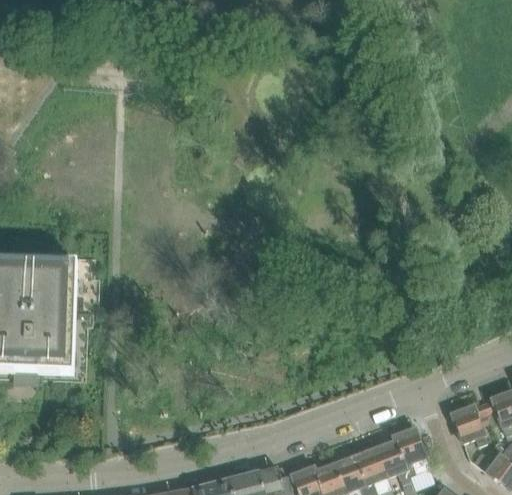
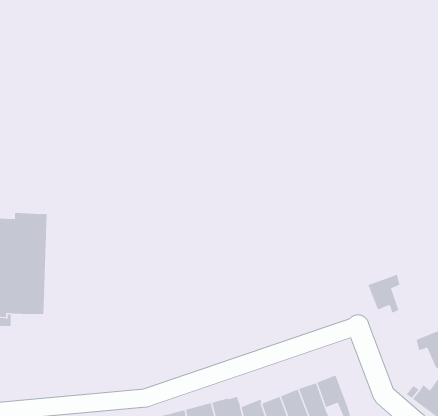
building: [451,401,487,445] -> [368,274,400,314]
building: [393,428,429,475] -> none

